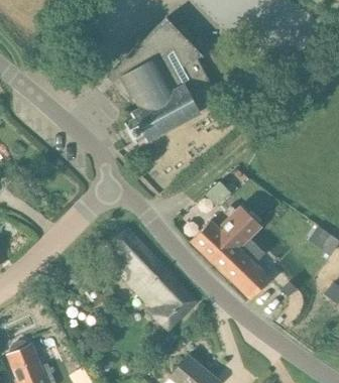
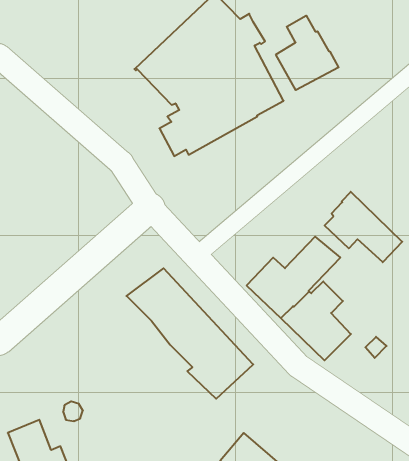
building: none -> [276,16,339,90]
building: none -> [325,192,402,262]

